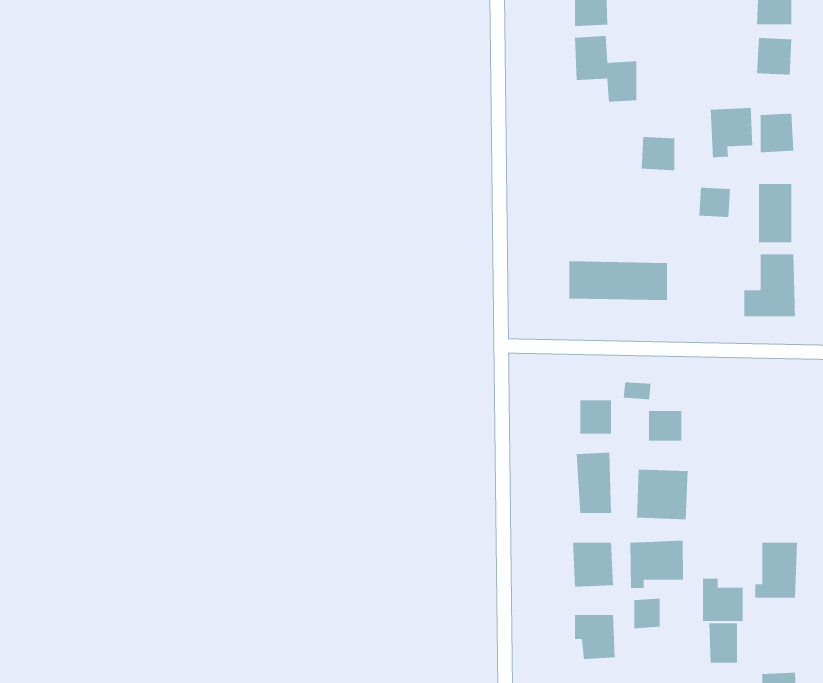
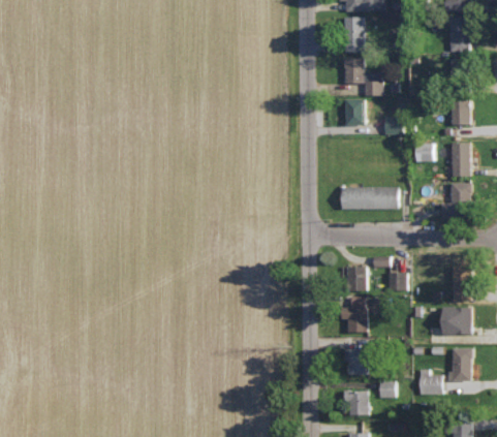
building: [710,107,753,158] -> none
building: none -> [345,99,365,125]
building: none -> [452,267,472,301]
building: [636,469,688,520] -> [441,306,471,335]
building: [630,540,684,589] -> none
building: [709,622,738,663] -> none

